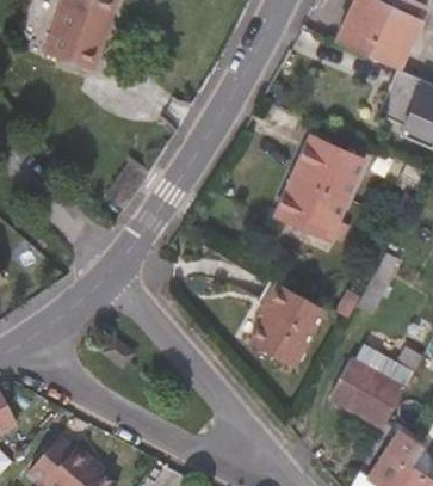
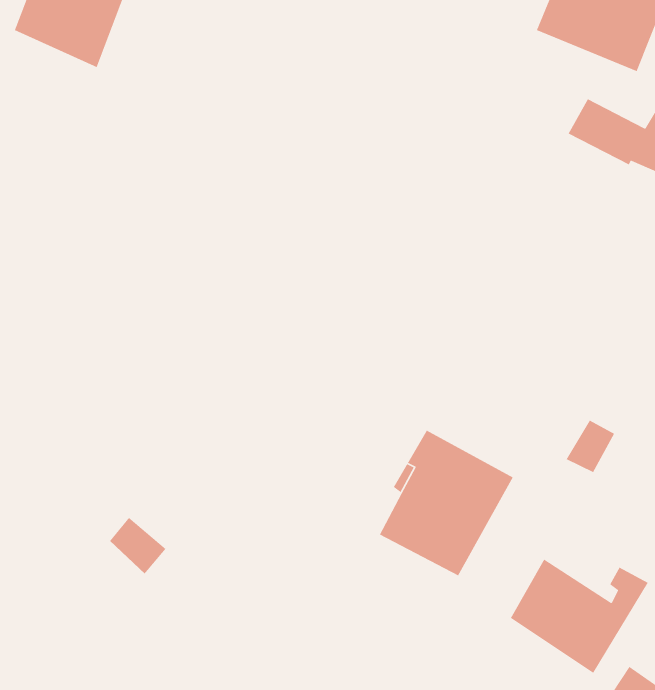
building: [285,136,373,240] -> none

